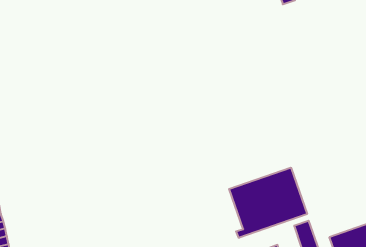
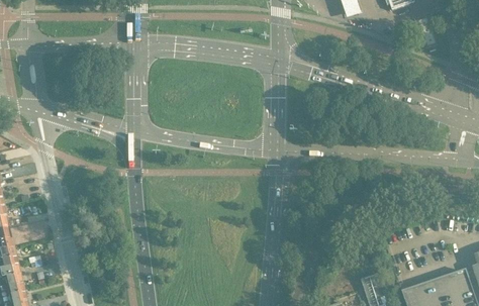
building: [229,168,307,238] -> none

